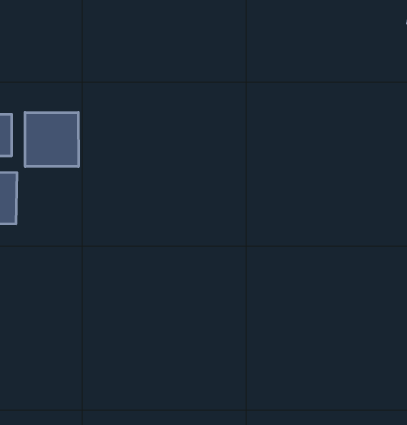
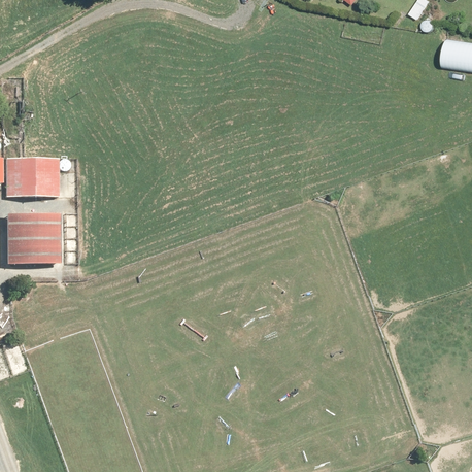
building: [25,112,78,167] -> none

